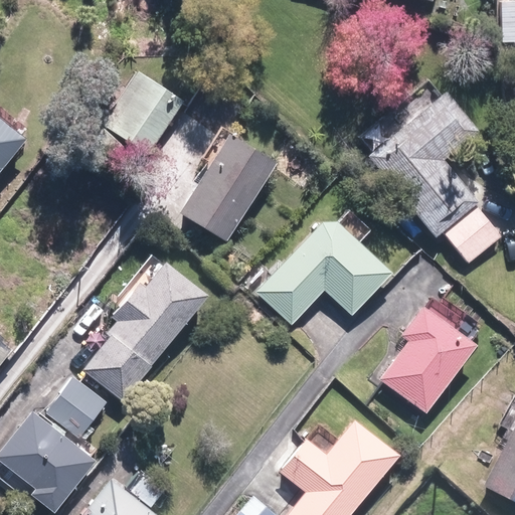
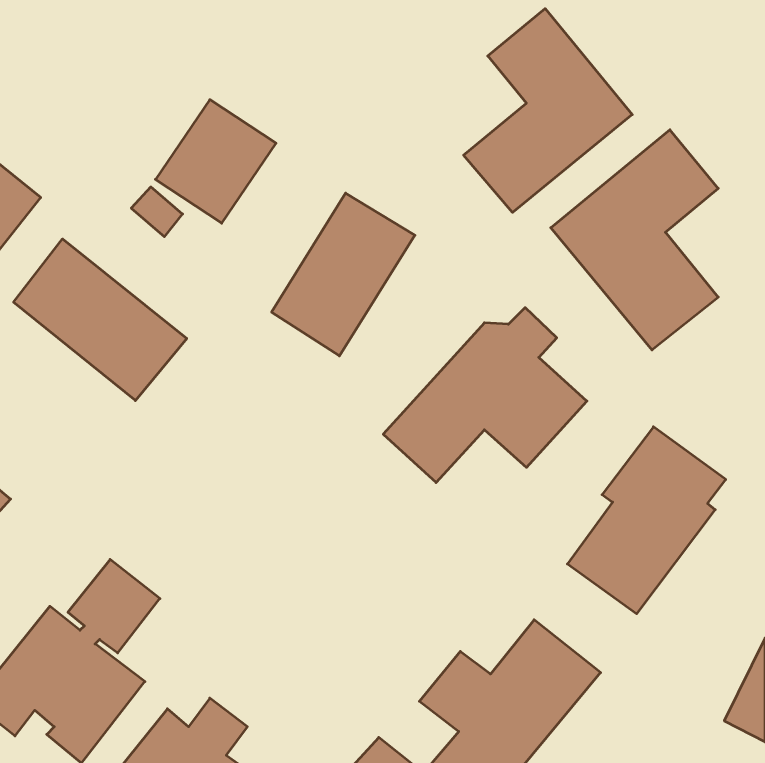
building: none -> [464,9,632,212]
building: none -> [14,239,187,401]
building: [444,208,501,266] -> none
building: [83,259,209,401] -> none

